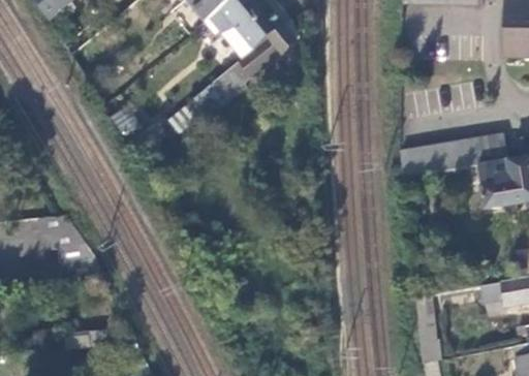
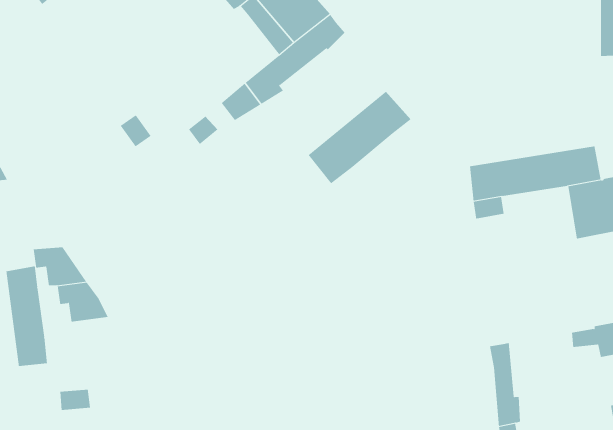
building: none -> [308,91,411,184]
building: none -> [6,265,48,367]

